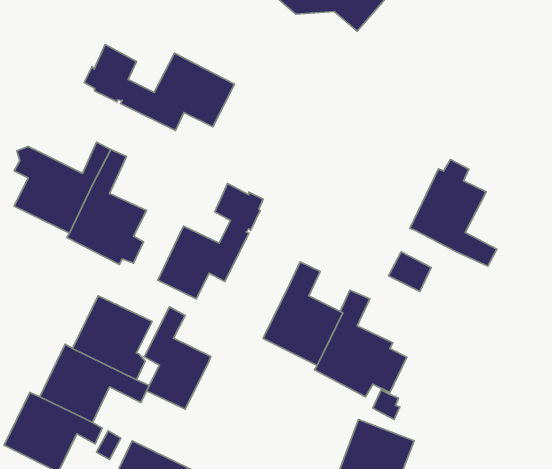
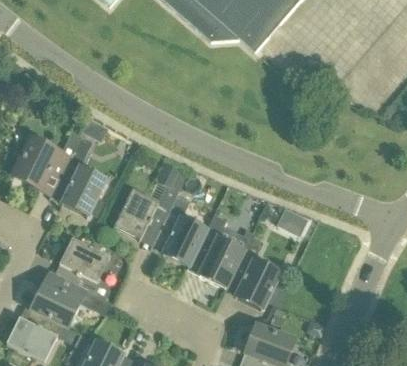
building: [84,45,235,131] -> none
building: [410,160,497,266] -> none
building: [144,307,211,409] -> [160,194,207,266]

